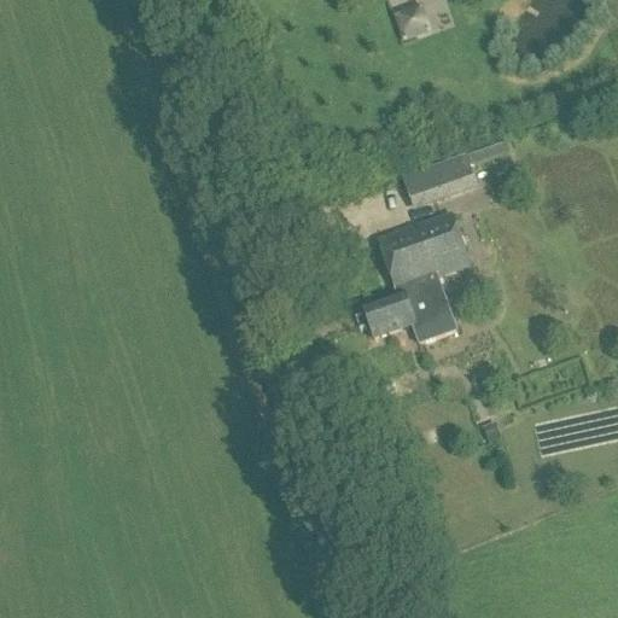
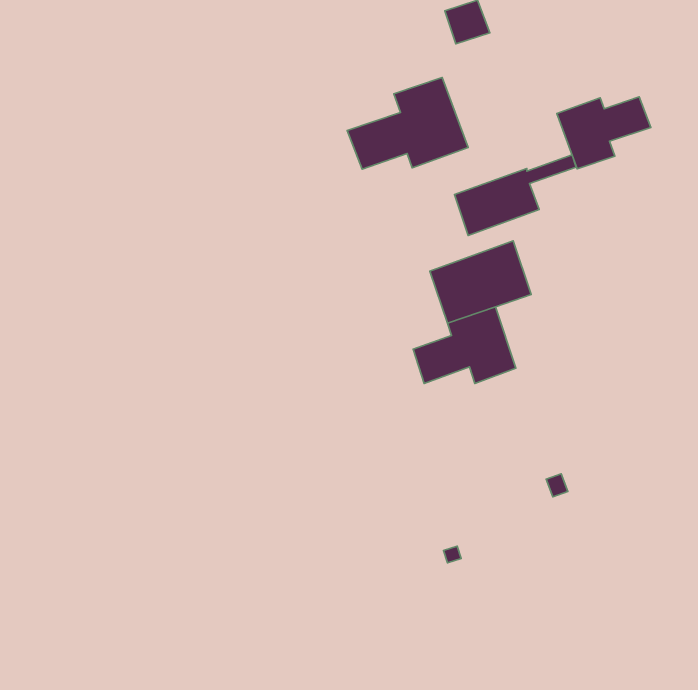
building: none -> [347,78,468,169]
building: none -> [557,97,651,169]

